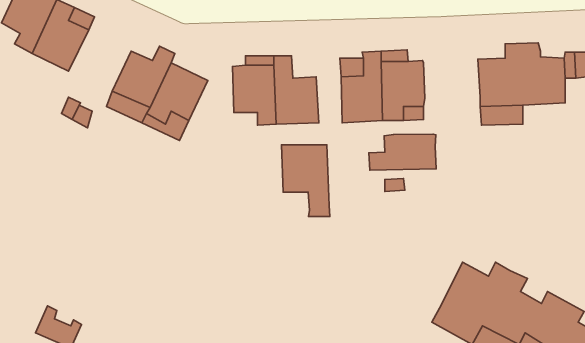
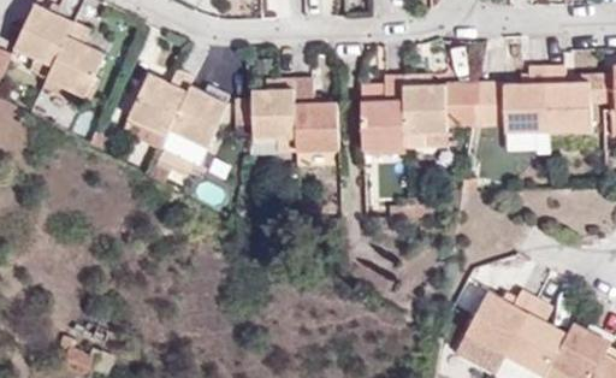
building: none -> [455,85,496,125]
building: [369,134,436,170] -> none
building: [282,145,330,216] -> none

